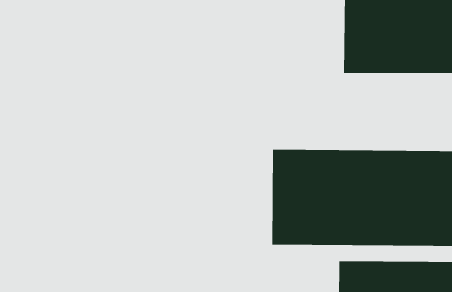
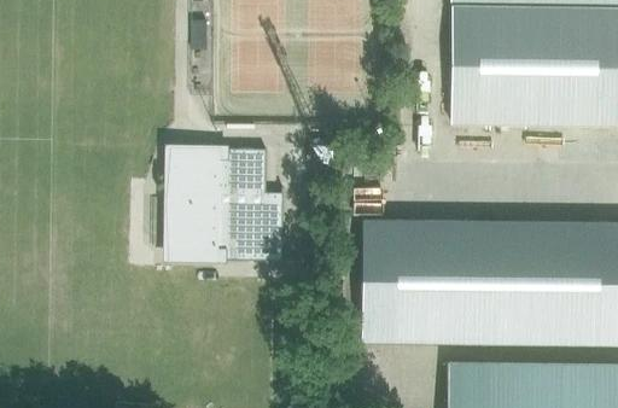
building: none -> [168,150,284,262]

